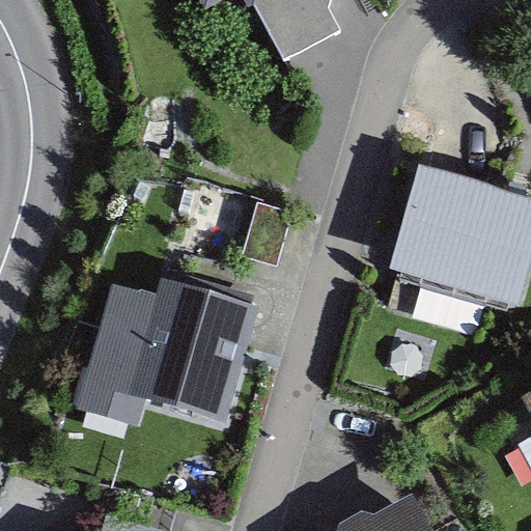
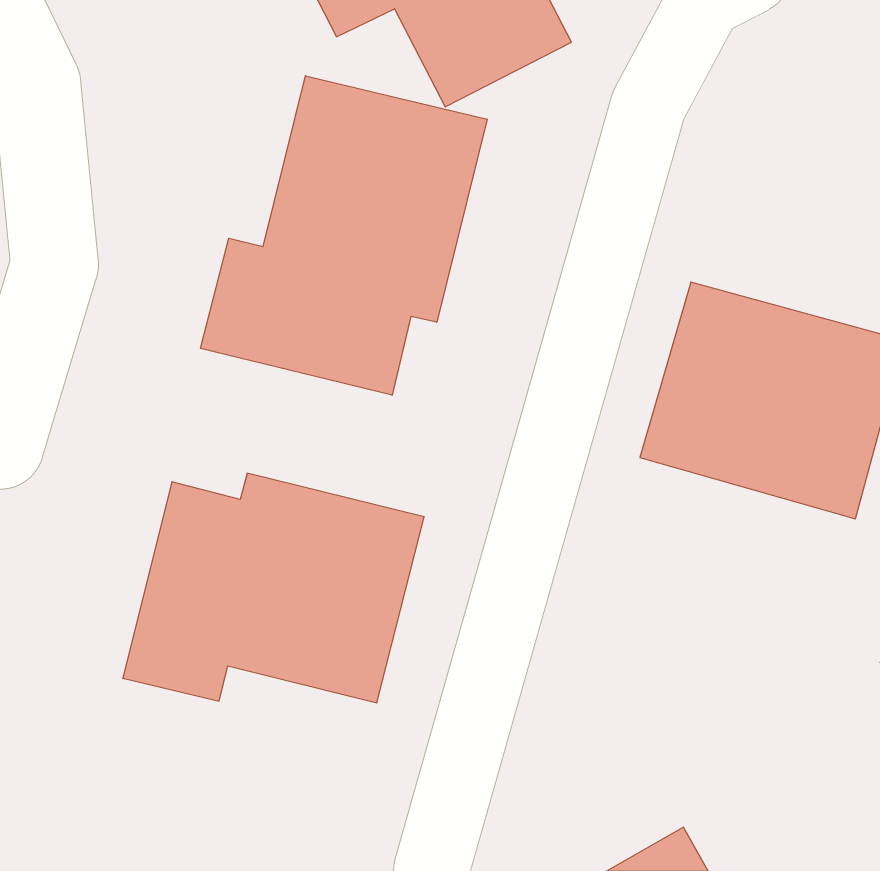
building: none -> [201,76,487,395]

